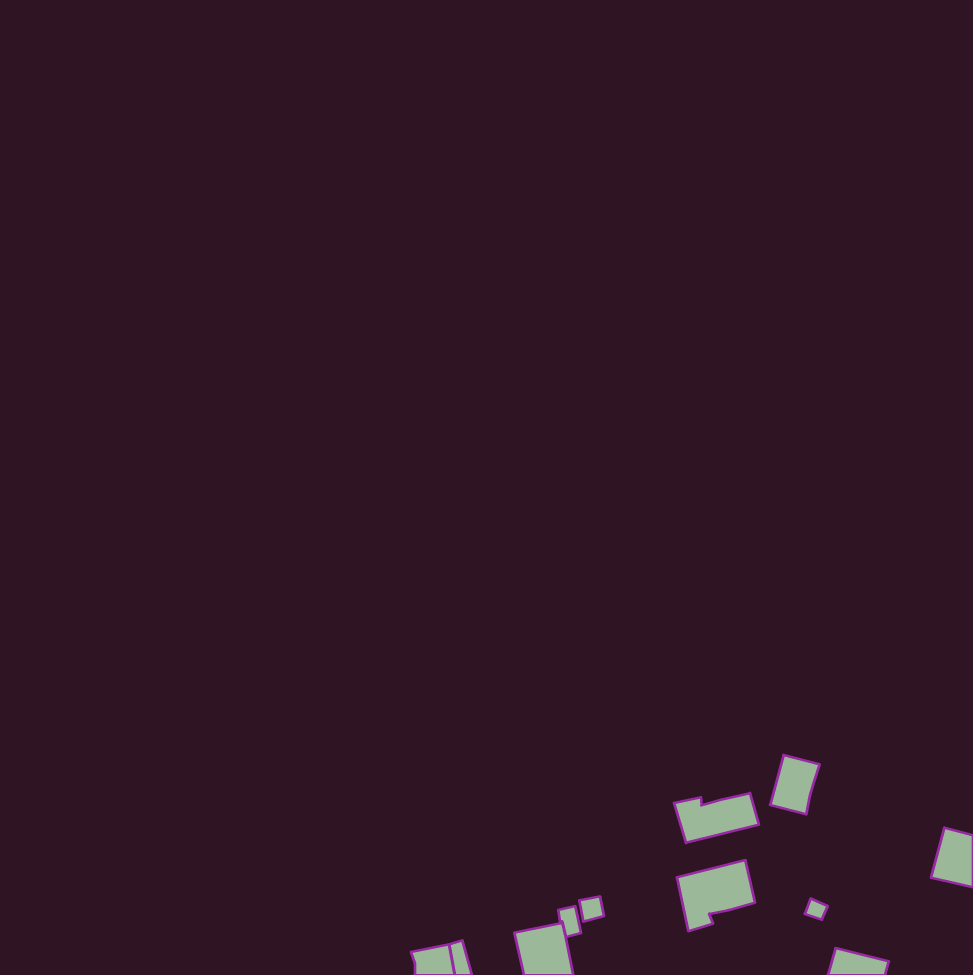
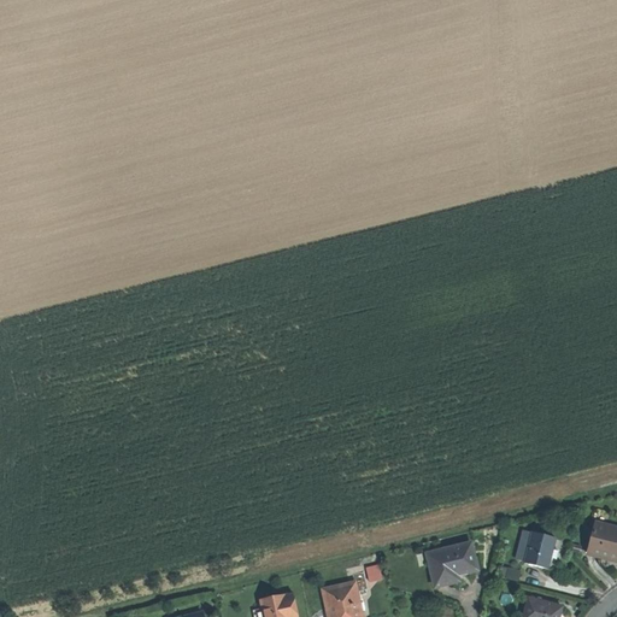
building: [770,755,820,814] -> [523,531,554,569]
building: [674,793,759,843] -> none

